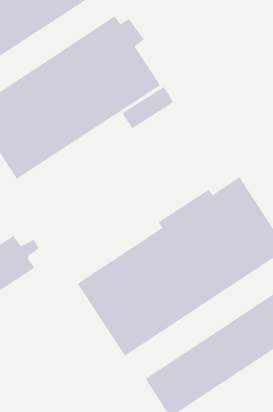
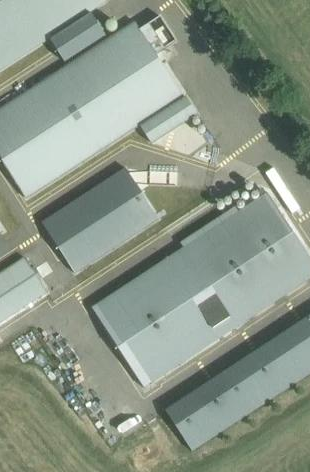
building: none -> [50,11,106,62]
building: none -> [43,167,159,273]

